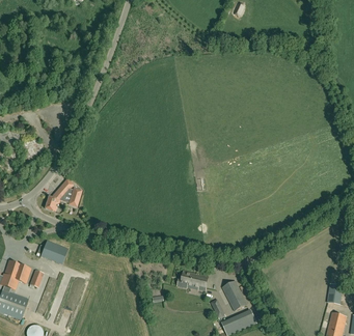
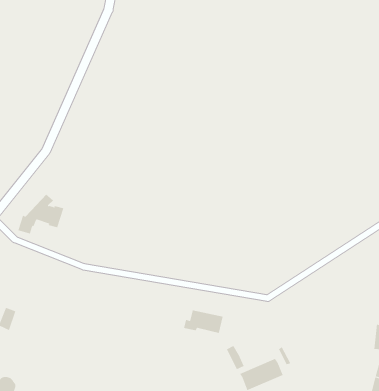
building: [40,240,69,263] -> none
building: [222,280,247,310] -> none

